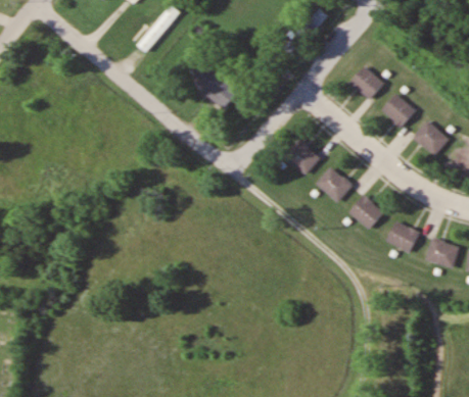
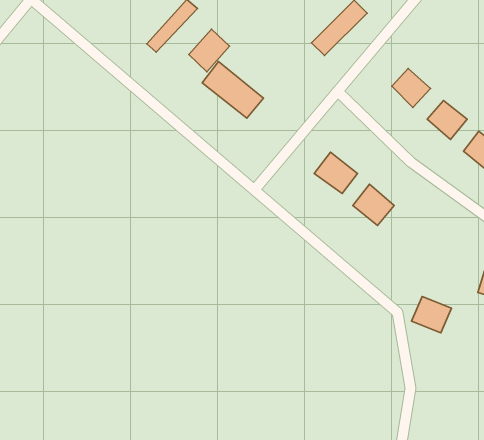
building: none -> [189,29,230,72]
building: [348,195,382,229] -> none
building: [384,220,419,252] -> [411,296,451,333]

